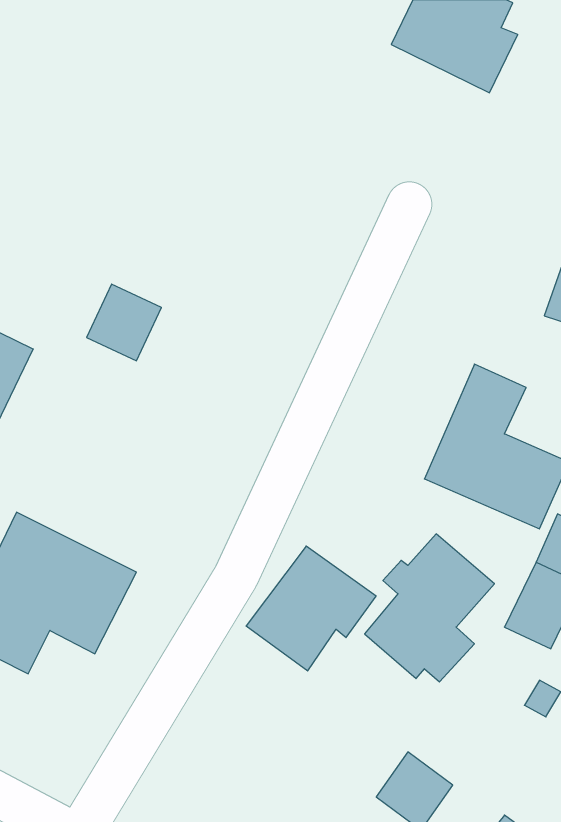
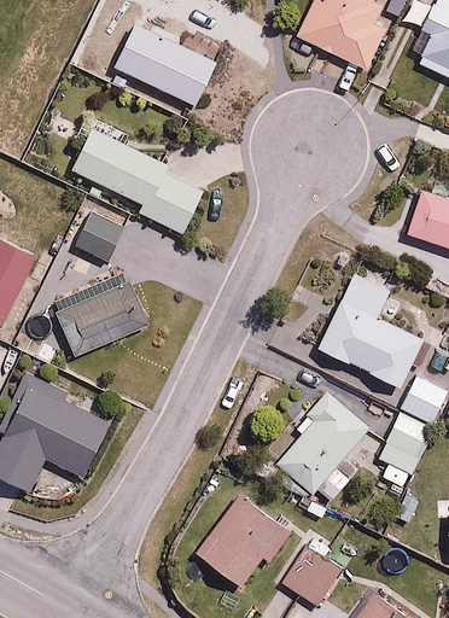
building: none -> [113,23,216,106]
building: none -> [70,132,204,234]
building: none -> [53,280,145,357]
building: [246,546,376,671] -> [197,495,291,585]

